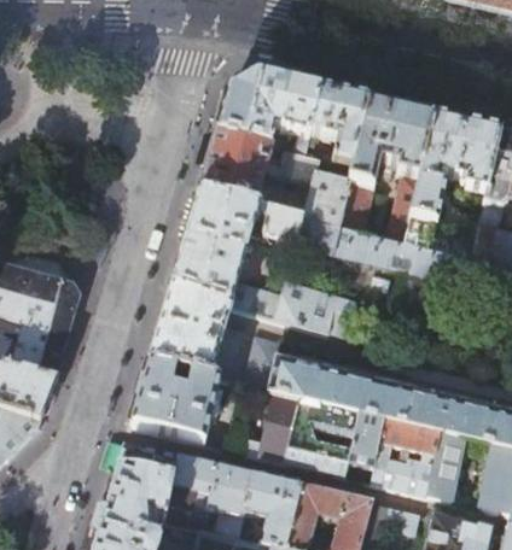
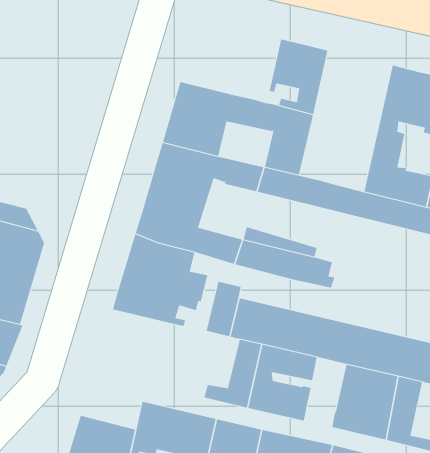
building: [216,74,319,153] -> none
building: [338,100,432,244] -> none
building: [128,363,219,444] -> none
building: [347,411,385,467] -> none
building: [115,443,178,485] -> none

